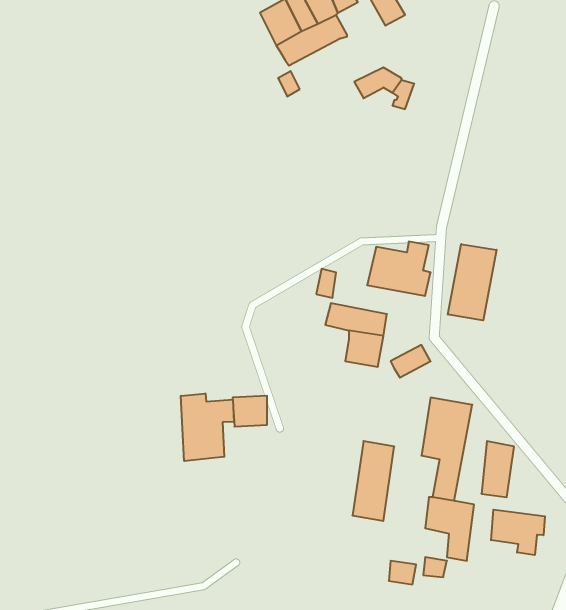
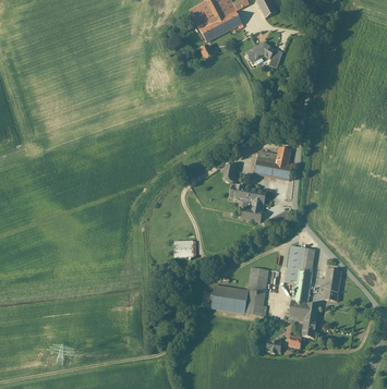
building: [448,244,497,320] -> none
building: [181,393,234,461] -> none
building: none -> [209,285,246,313]
building: [491,510,545,555] -> none

